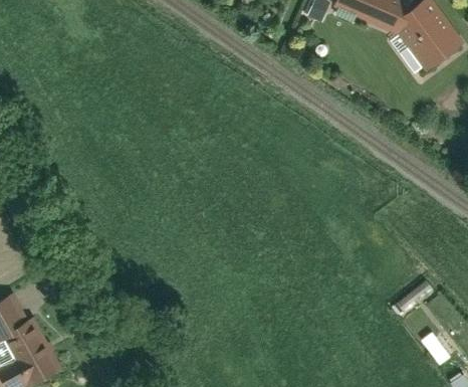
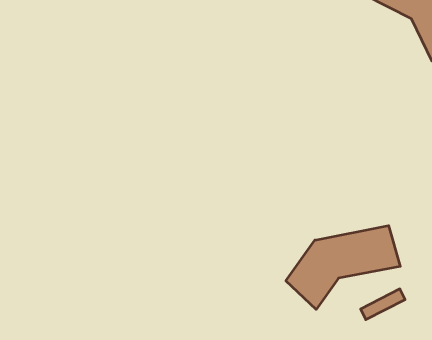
building: none -> [286,226,400,309]

